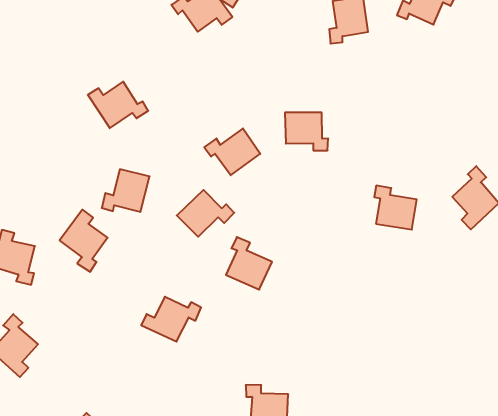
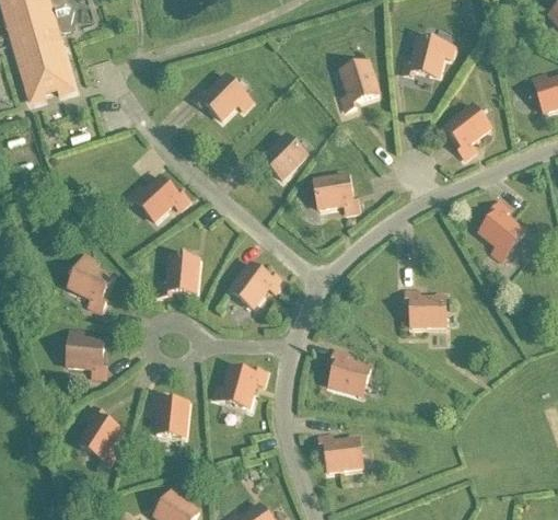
building: none -> [446,104,490,157]
building: [204,128,260,175] -> [254,134,306,178]
building: [374,186,417,230] -> [406,290,445,325]
building: [60,210,108,272] -> [69,254,113,310]
building: [226,237,272,290] -> [330,349,371,394]
building: none -> [152,393,188,436]

